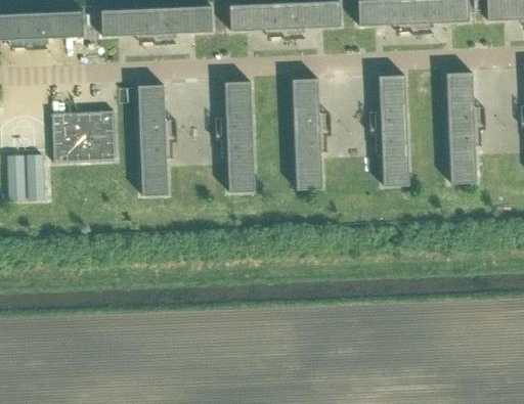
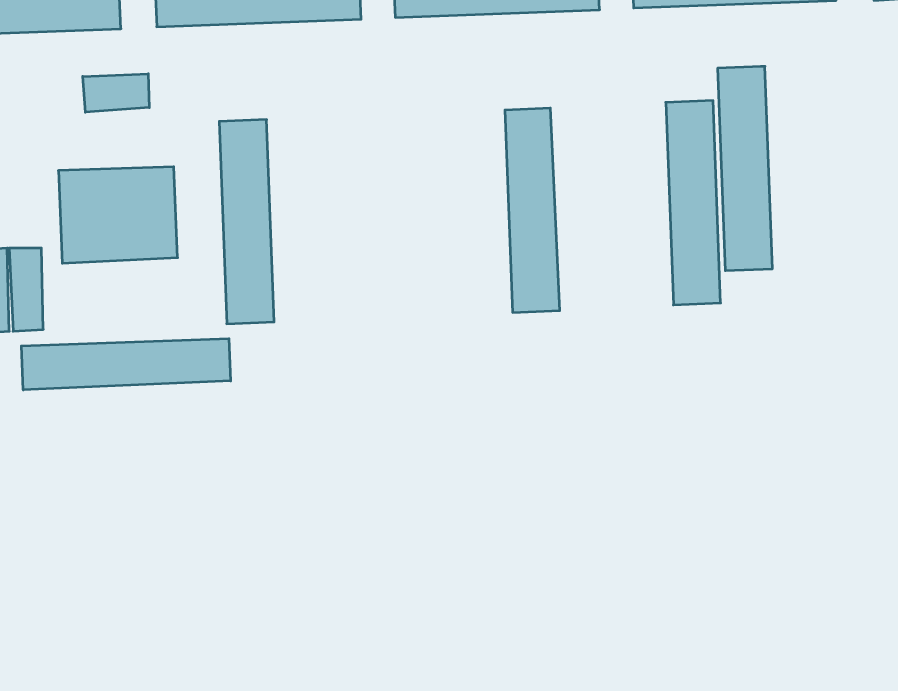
building: none -> [83,74,149,112]
building: [446,73,476,183] -> [718,66,772,271]
building: [224,81,254,191] -> none
building: none -> [21,339,231,390]

